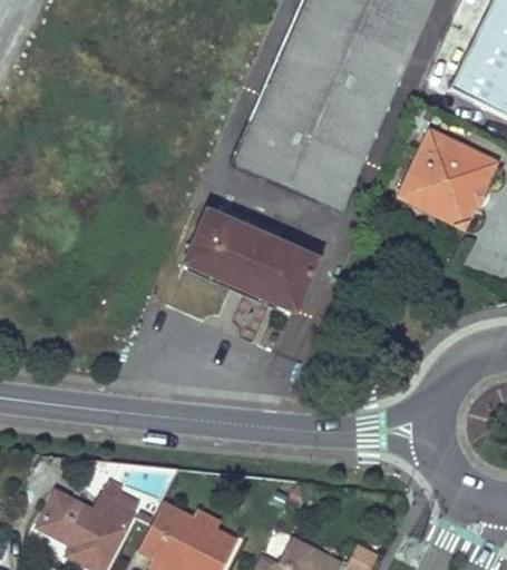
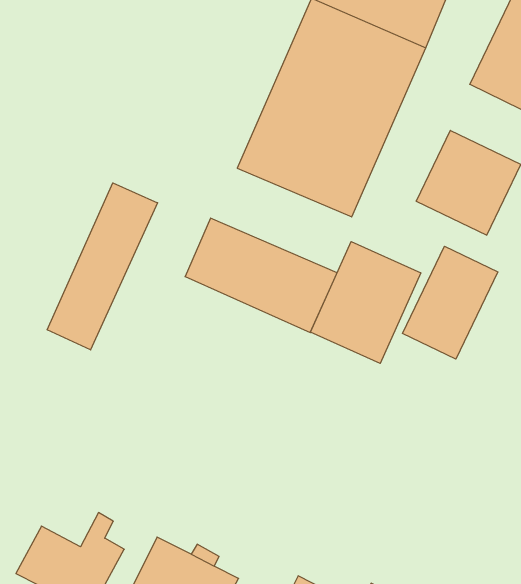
building: none -> [47,183,158,350]
building: none -> [311,242,421,363]
building: none -> [403,246,498,359]

